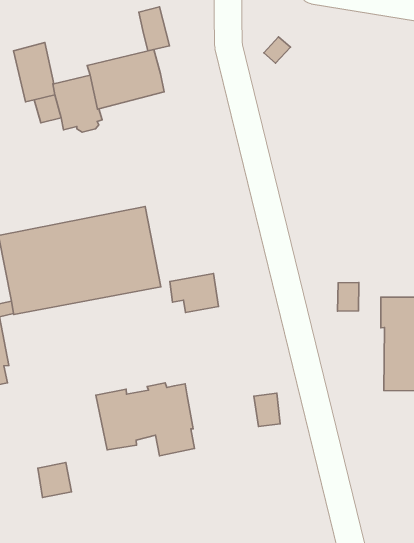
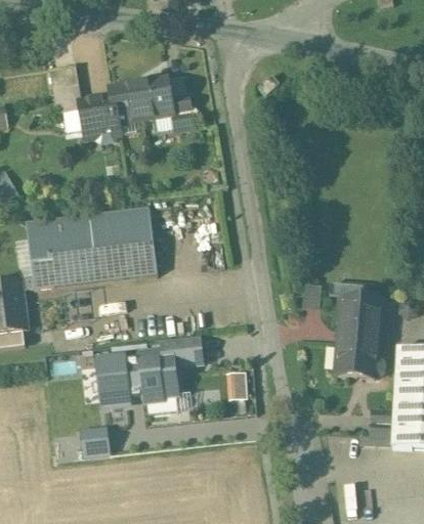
building: [139,7,170,51] -> [171,93,195,129]
building: [170,273,218,312] -> [163,335,202,365]
building: [38,463,72,498] -> [83,428,110,455]

